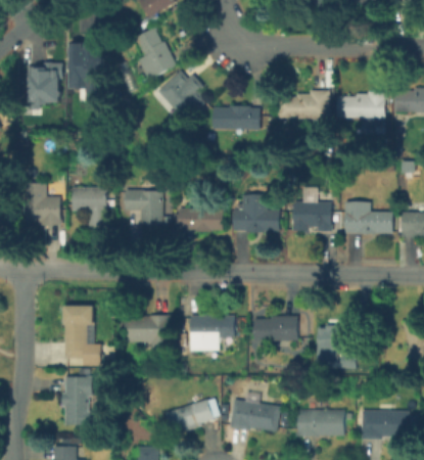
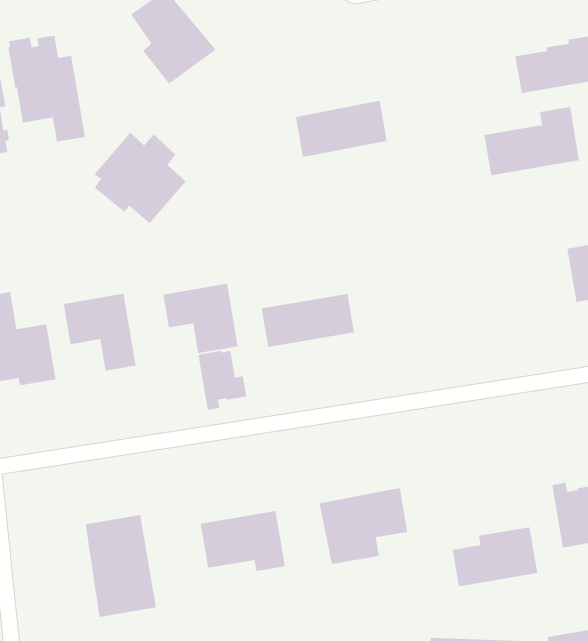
building: [157,73,207,124] -> [93,132,187,224]
building: [278,90,327,120] -> [484,107,580,176]
building: [234,196,280,232] -> none
building: [292,205,331,233] -> none
building: none -> [198,350,247,411]
building: [254,315,298,340] -> [452,527,538,587]

